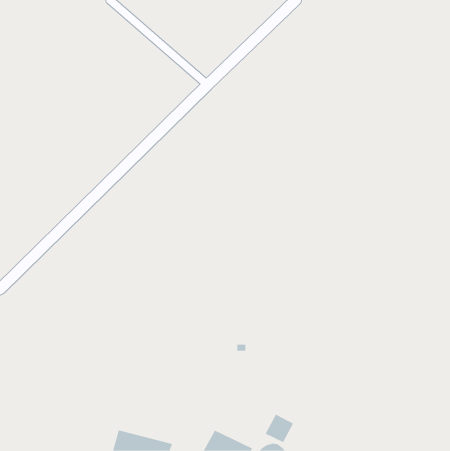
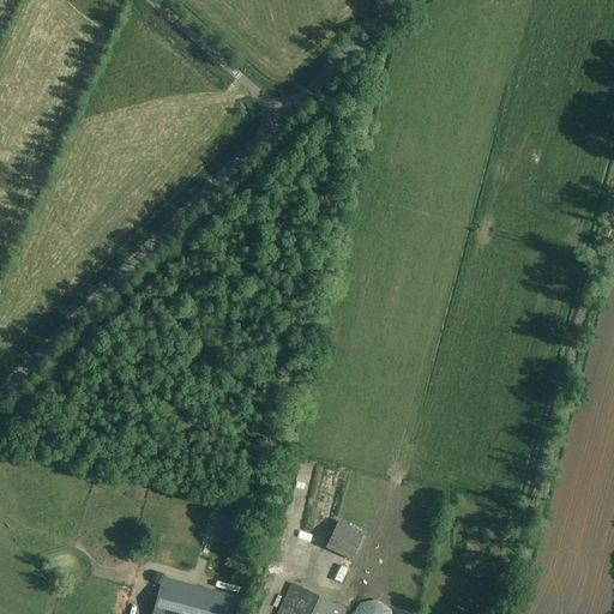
building: [265,414,294,443] -> [325,519,365,559]

